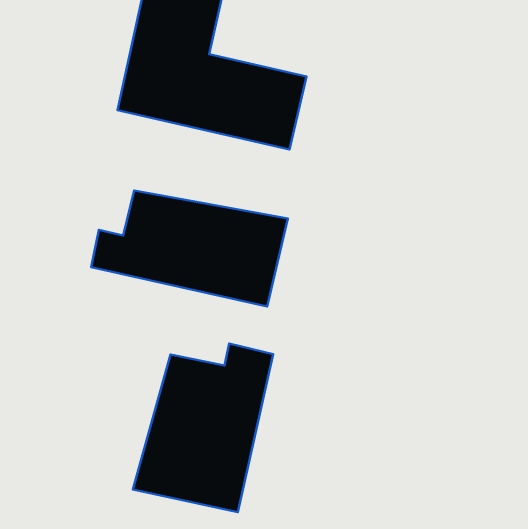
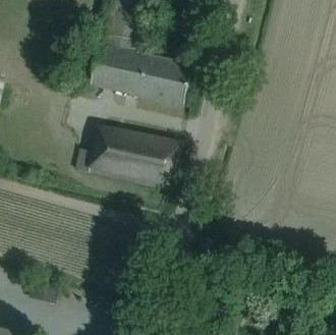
building: [133,344,273,512] -> none

